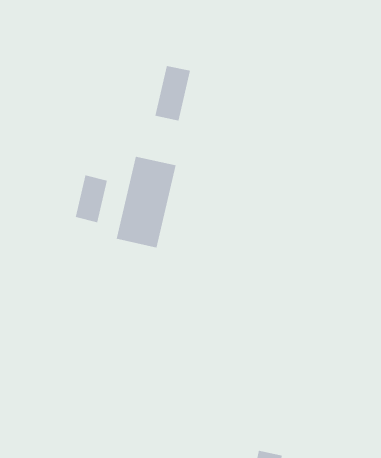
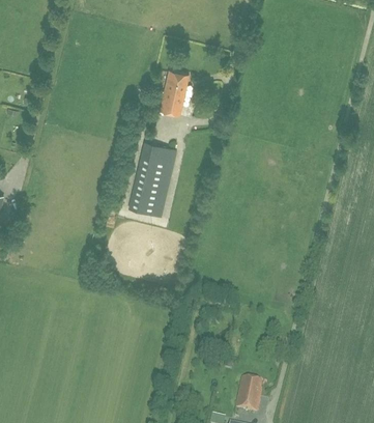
building: [75,175,107,223] -> none

